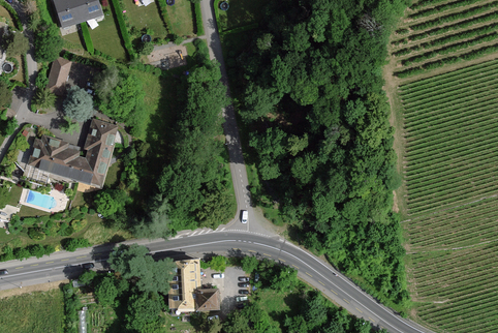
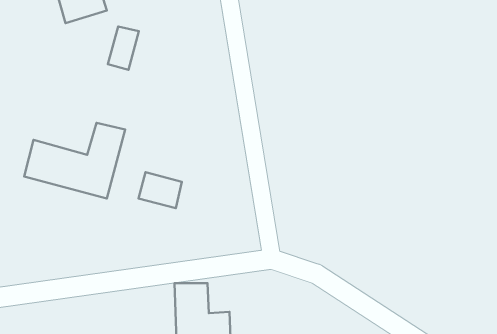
building: [44,56,72,95] -> [108,26,139,70]
building: none -> [138,172,182,208]

